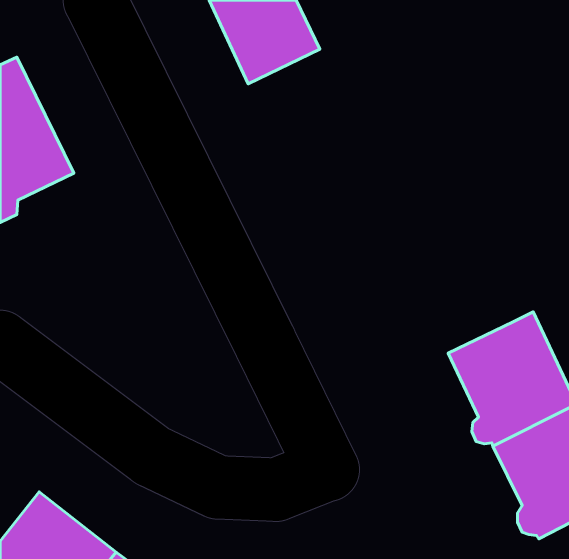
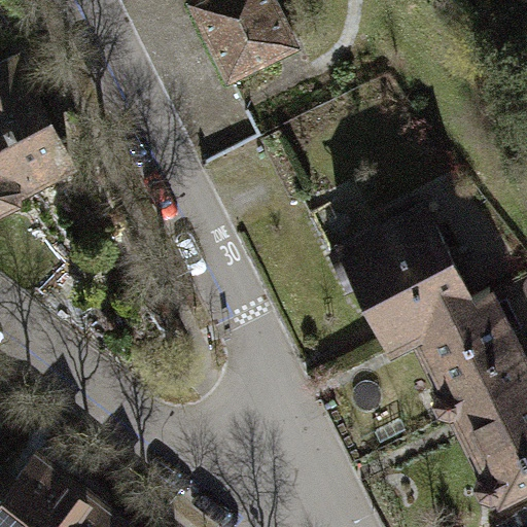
building: none -> [333,215,475,349]

